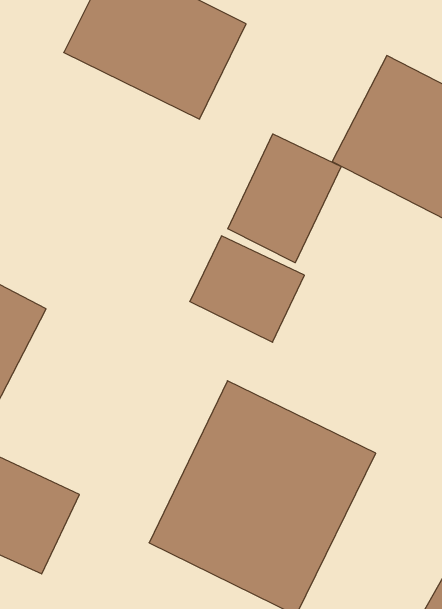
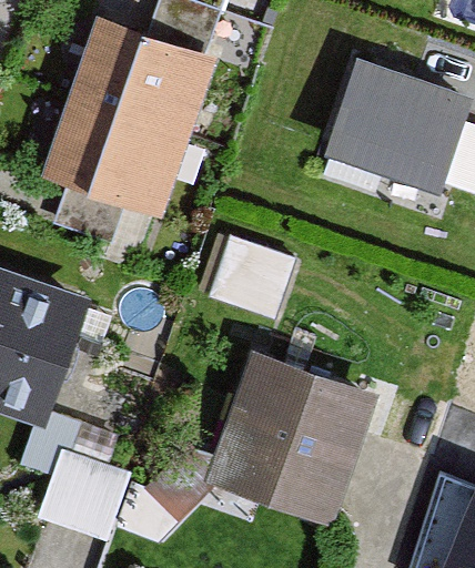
building: none -> [41,92,192,220]
building: [228,134,341,263] -> none

